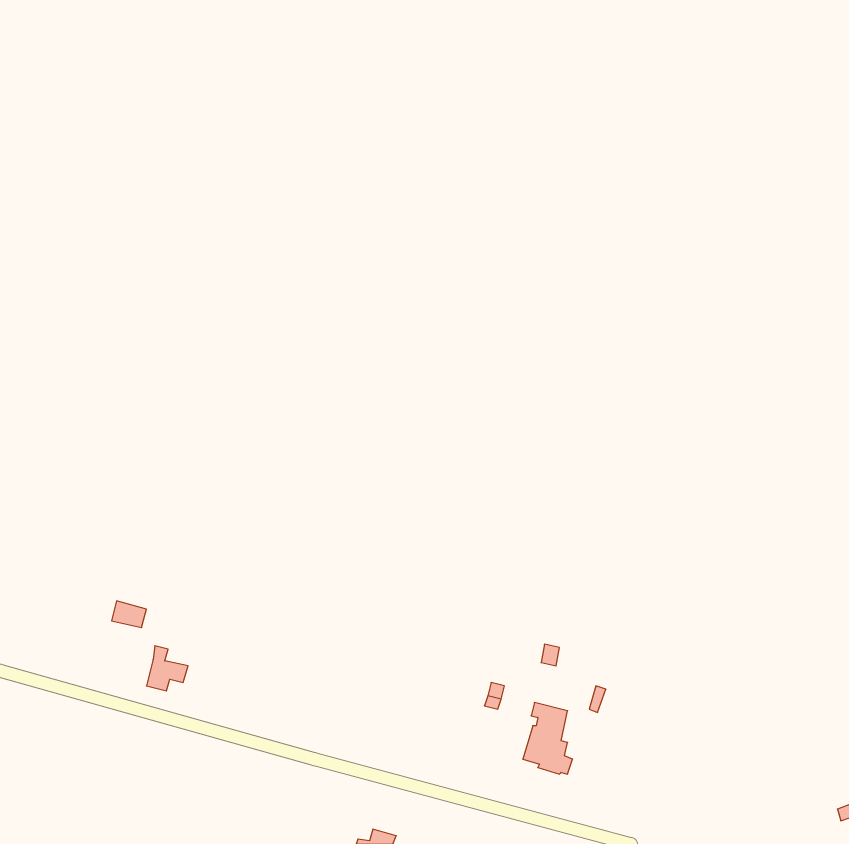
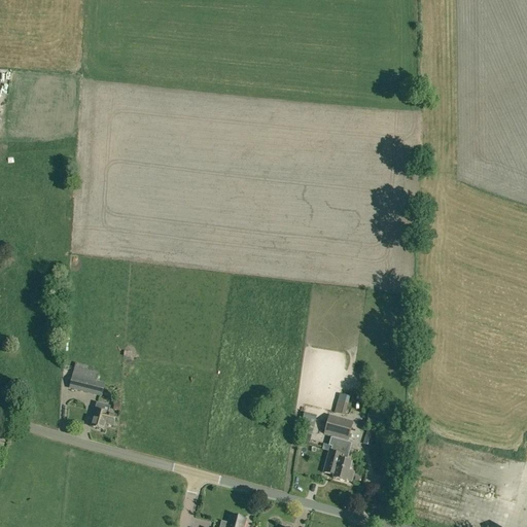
building: none -> [324,413,353,437]

